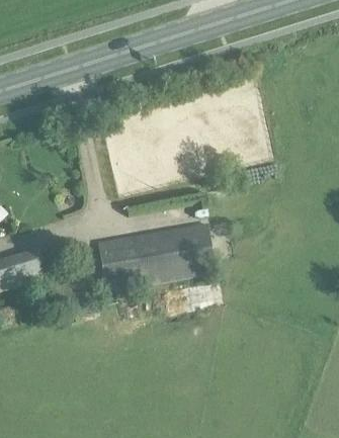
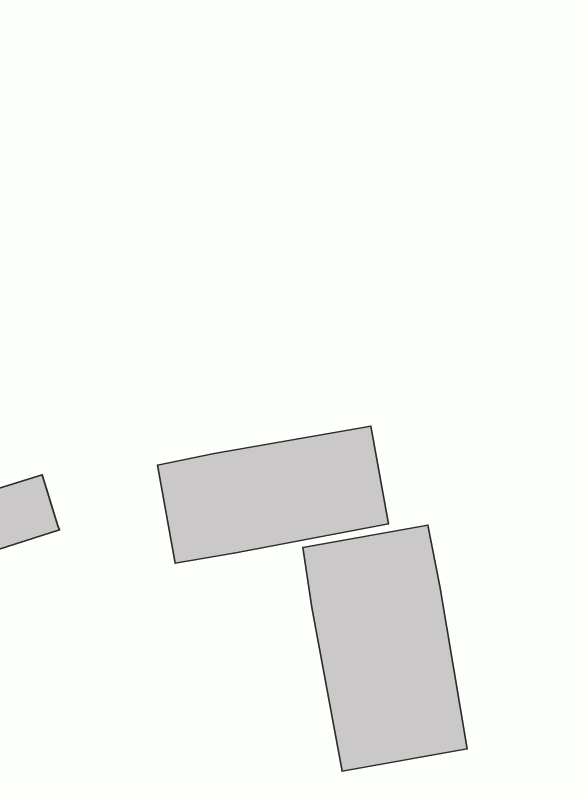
building: none -> [303,525,467,771]

